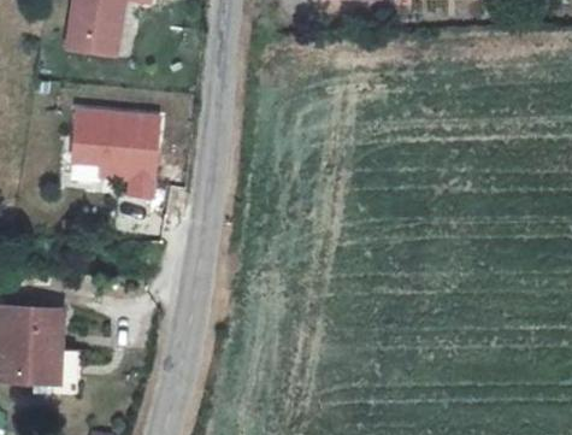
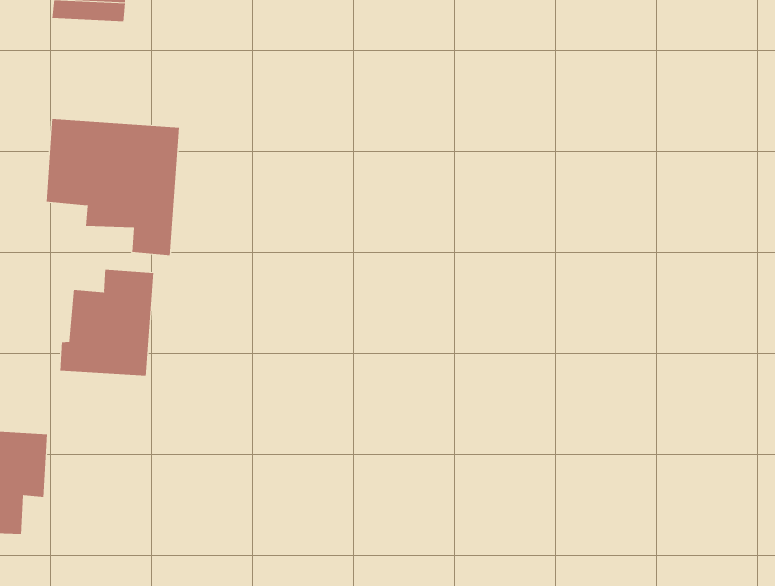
building: none -> [60,269,154,377]

